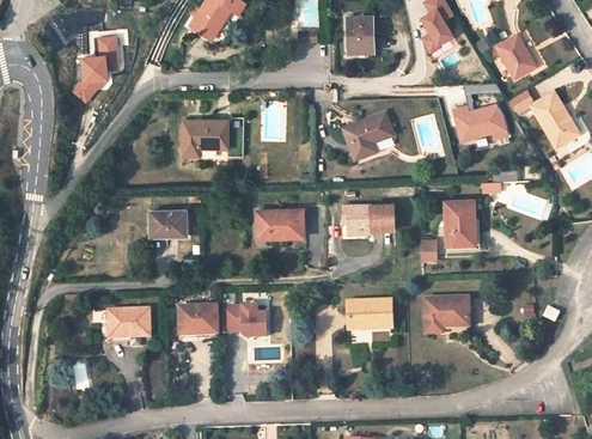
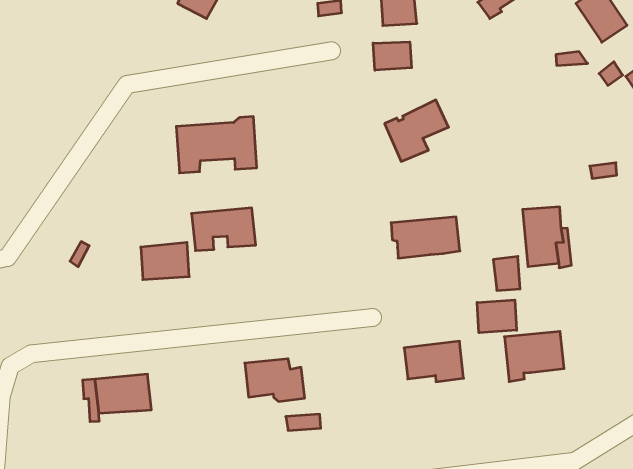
building: [72,37,116,102] -> none
building: none -> [373,42,412,70]
building: [452,105,507,141] -> none
building: [256,208,304,238] -> [191,208,256,251]
building: none -> [477,300,517,333]
building: [179,306,216,335] -> none

